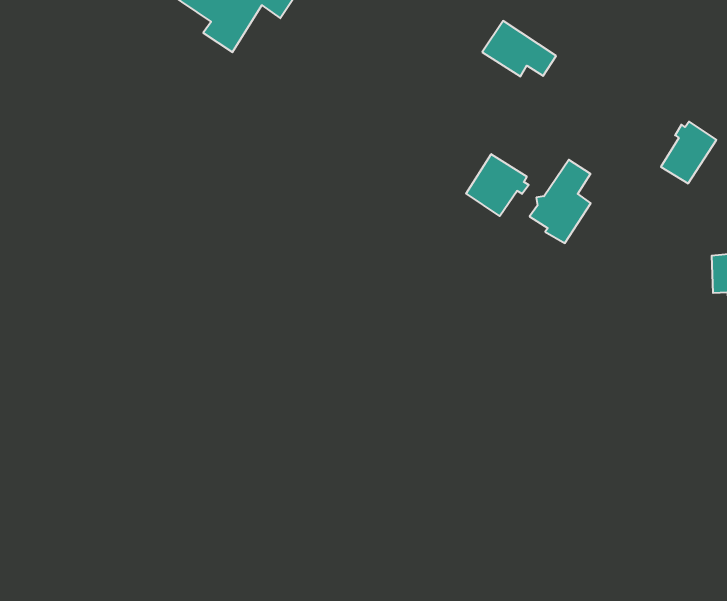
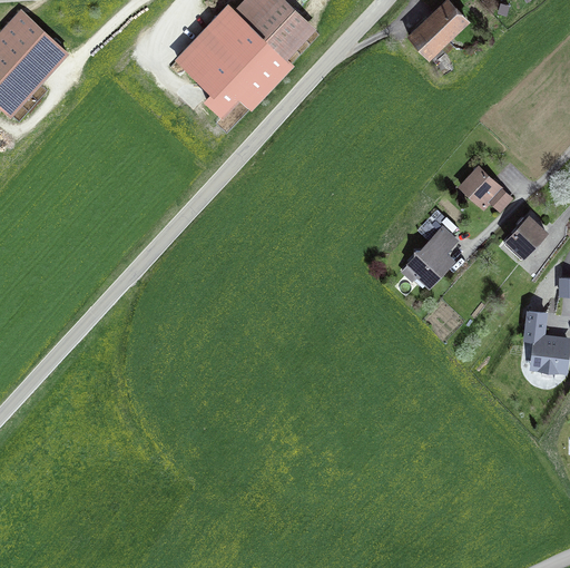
building: [482,21,556,76] -> [460,167,510,209]
building: [466,154,529,216] -> none

